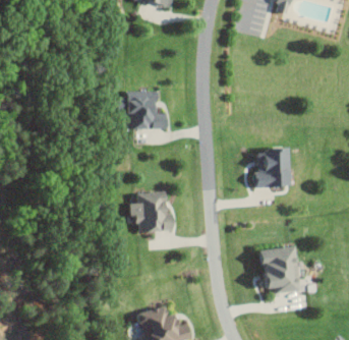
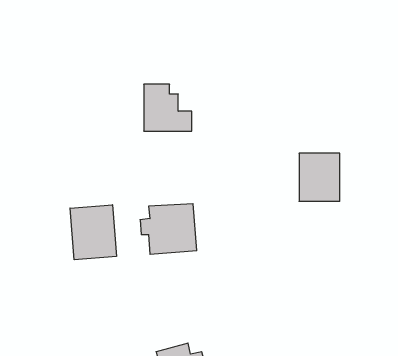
building: none -> [70,205,116,260]
building: [256,244,301,291] -> none

